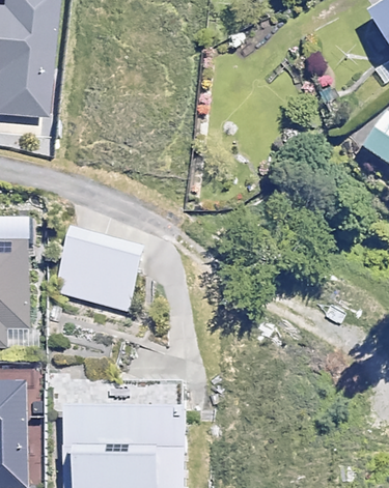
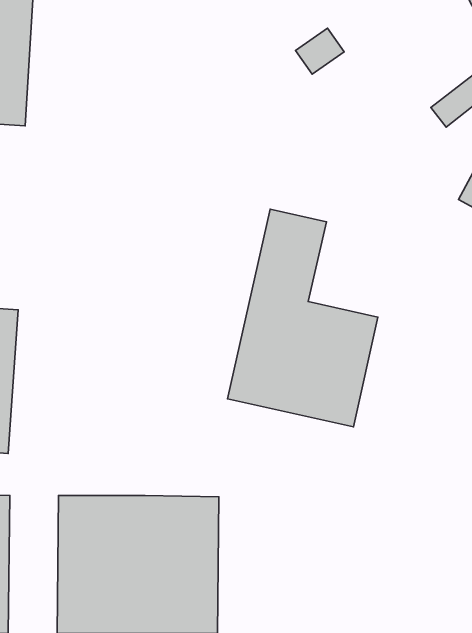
building: none -> [228,209,378,427]
building: [56,229,144,310] -> none

